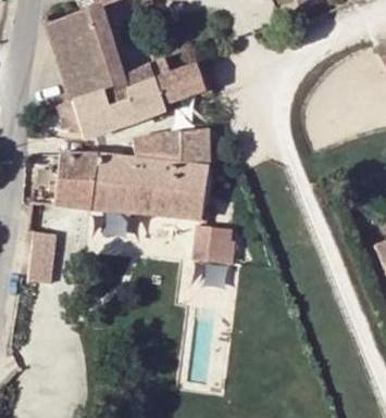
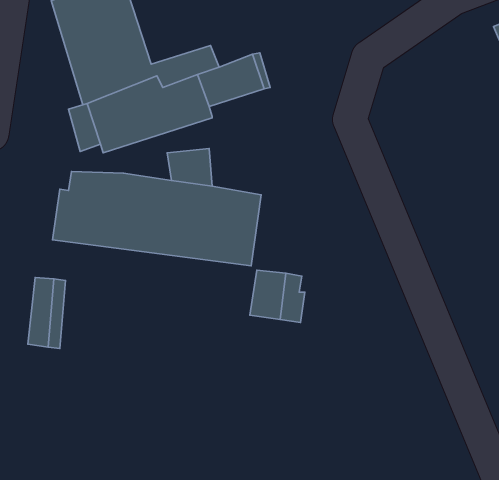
building: [164,129,211,169] -> none

